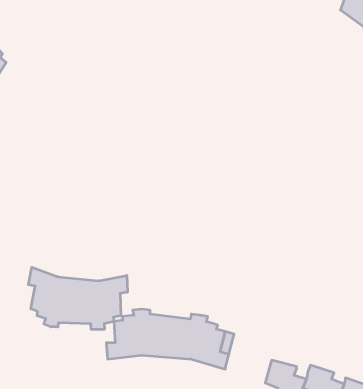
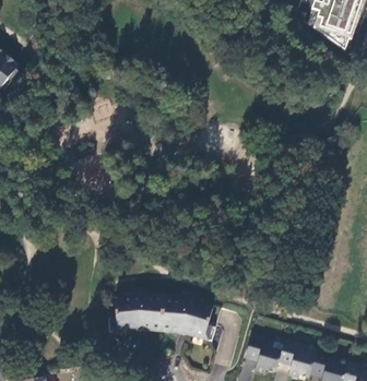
building: [28,267,127,330] -> none

